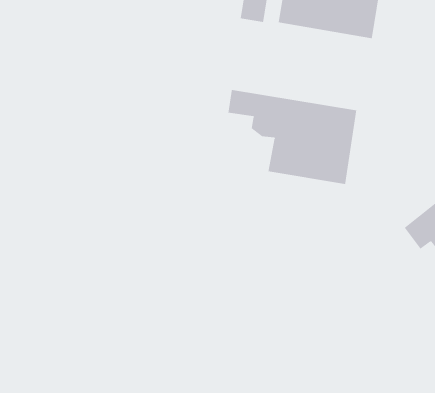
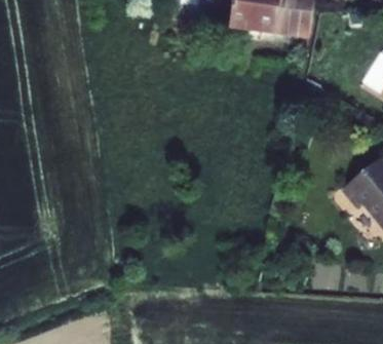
building: [228,89,357,185] -> none

